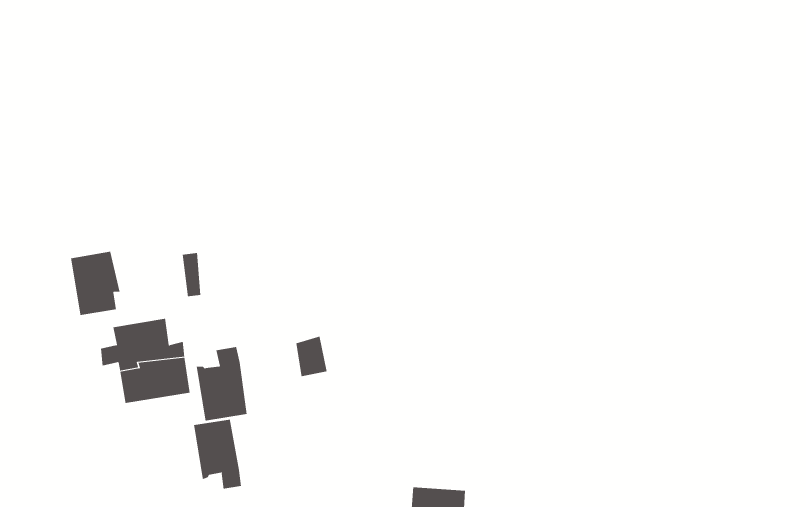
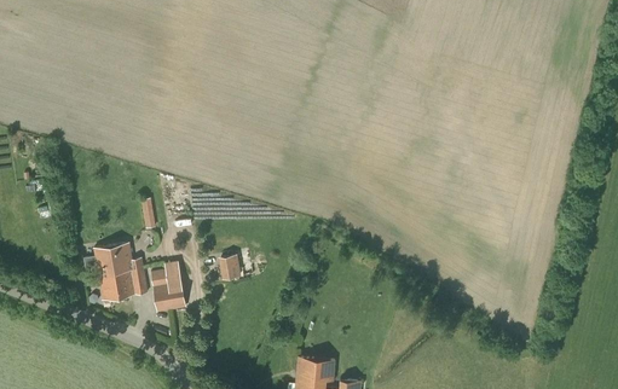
building: [70,251,120,316] -> none
building: [194,419,241,489] -> none

